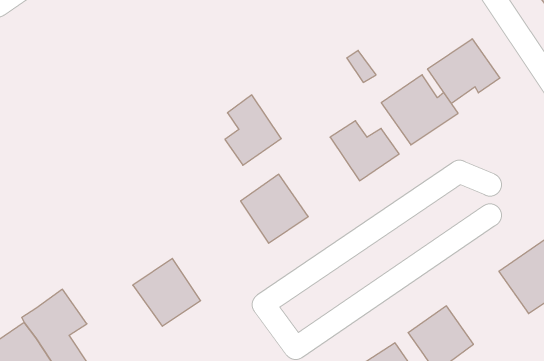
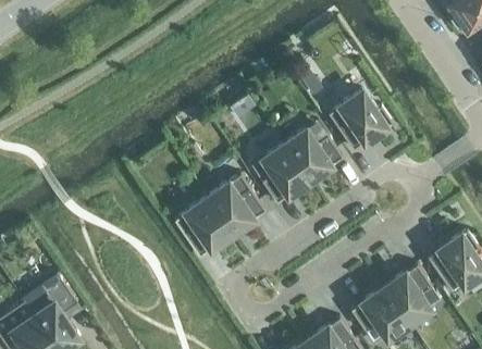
building: [428,39,500,103] -> none
building: [225,95,281,165] -> [262,144,310,203]
building: [133,258,201,326] -> [175,198,233,255]
building: none -> [384,264,430,320]

